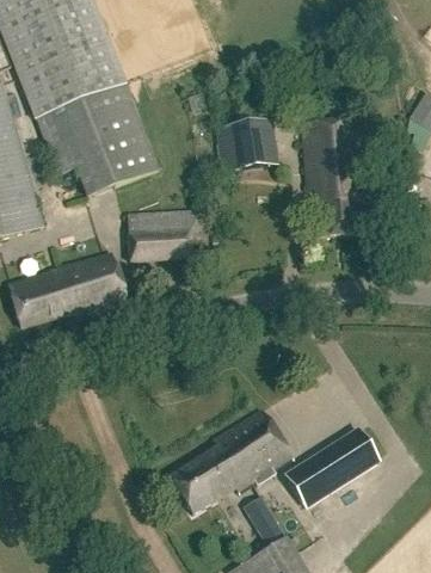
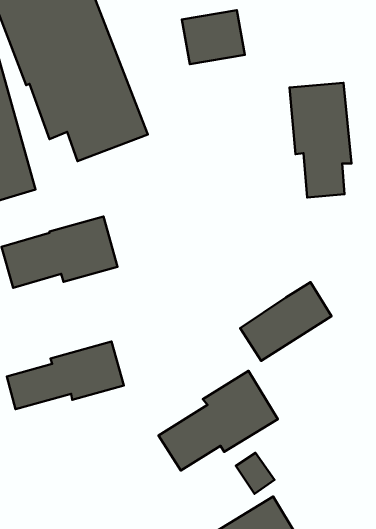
building: [215,118,279,173] -> [182,10,245,64]
building: [127,209,204,261] -> none
building: none -> [7,341,124,409]
building: [285,429,378,509] -> [240,282,332,361]

